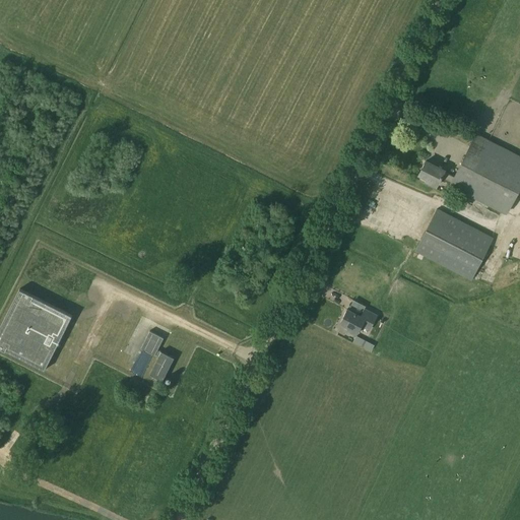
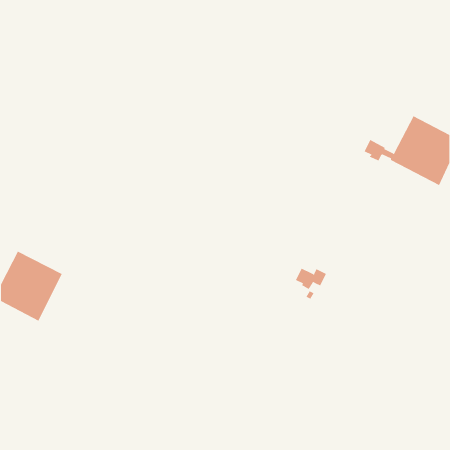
building: [415,208,494,280] -> none
building: [141,331,175,381] -> none

